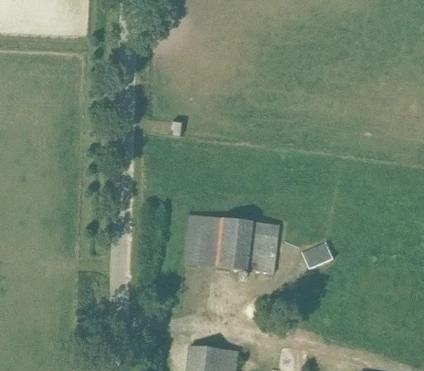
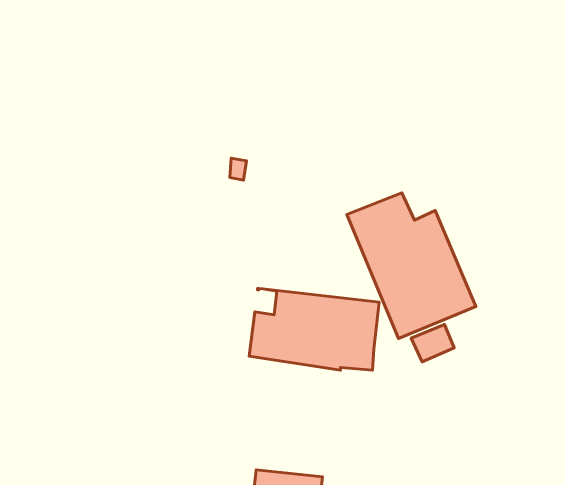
building: none -> [347,193,476,338]

